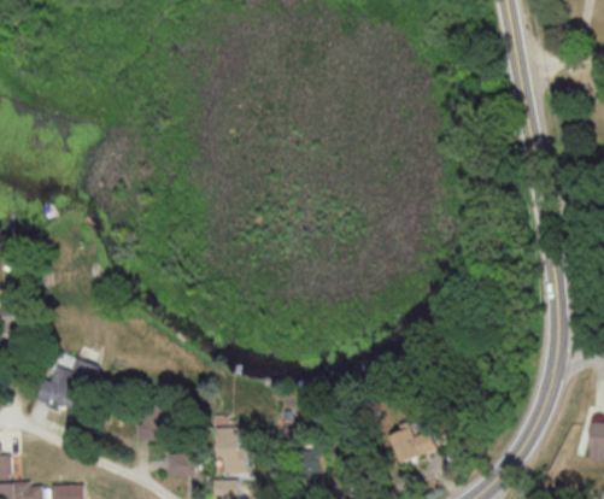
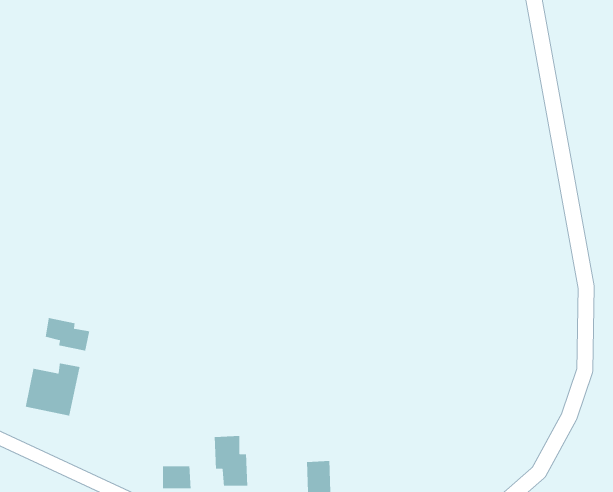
building: none -> [45,317,90,352]
building: [388,428,435,463] -> none

